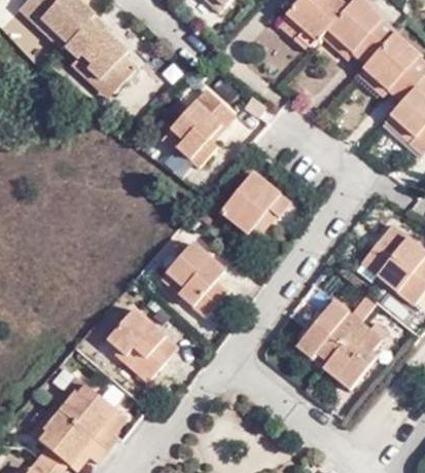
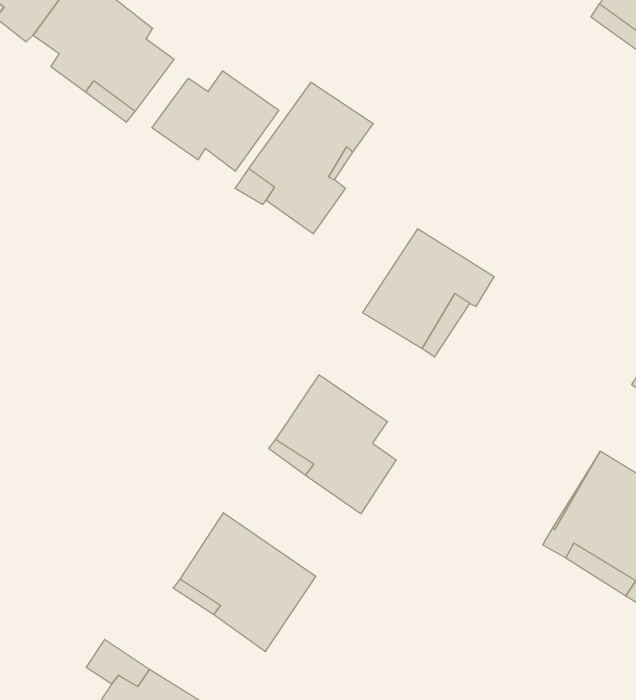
building: none -> [152,71,279,171]

